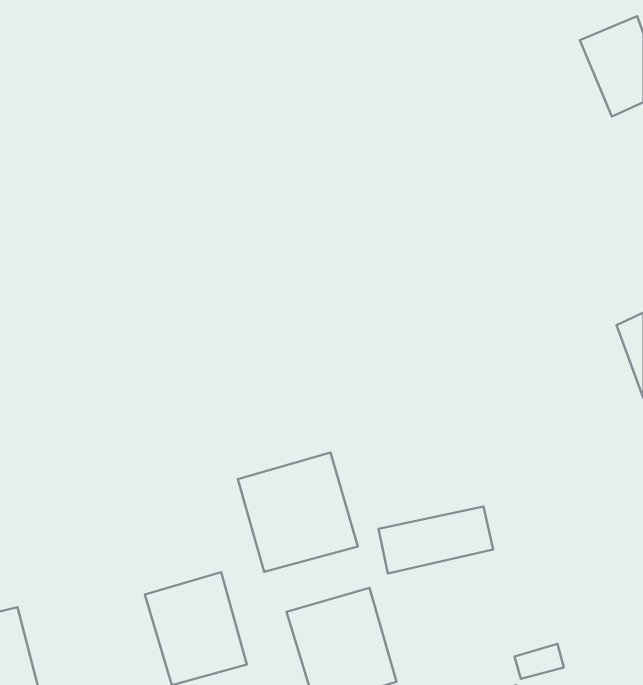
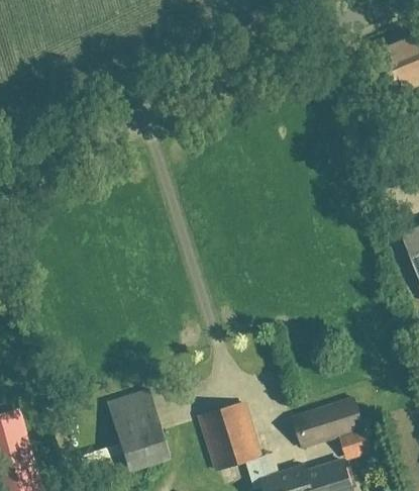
building: [238,452,358,572] -> none
building: [378,507,493,574] -> [291,401,363,444]

